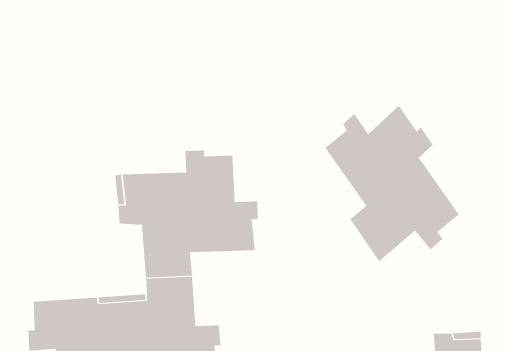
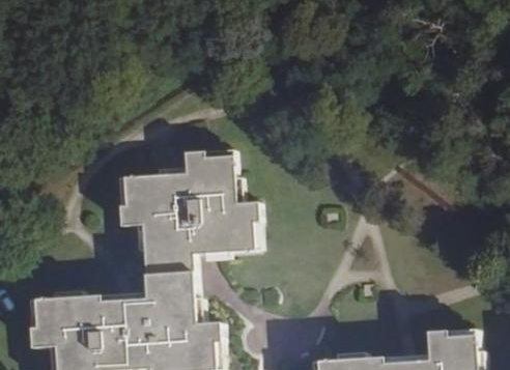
building: [325,105,460,262] -> none

